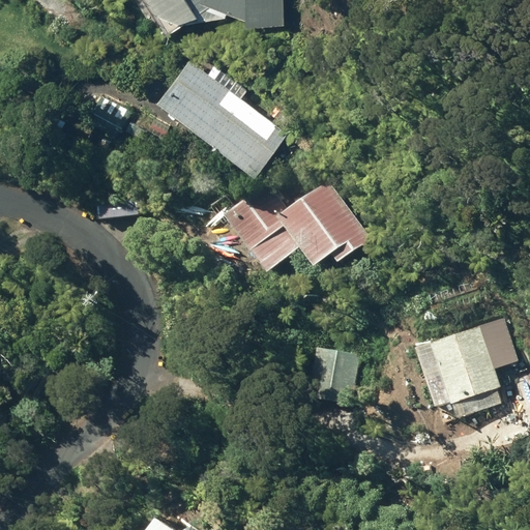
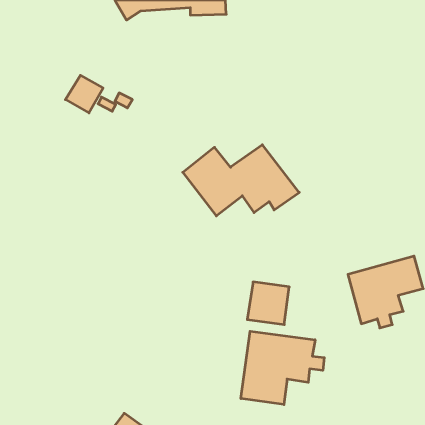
building: [151,55,282,173] -> none
building: none -> [241,331,324,405]

